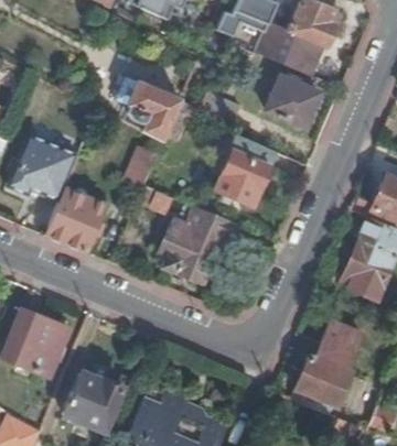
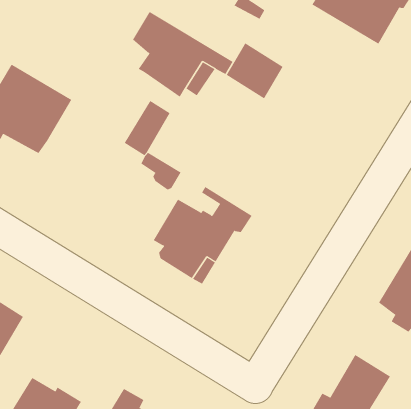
building: [266,77,319,127] -> none
building: [215,135,276,207] -> none
building: [45,191,105,253] -> none

